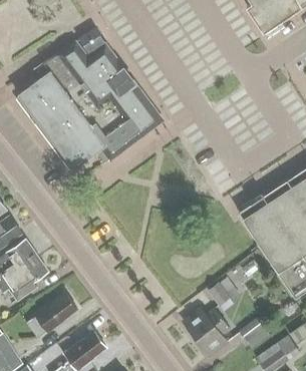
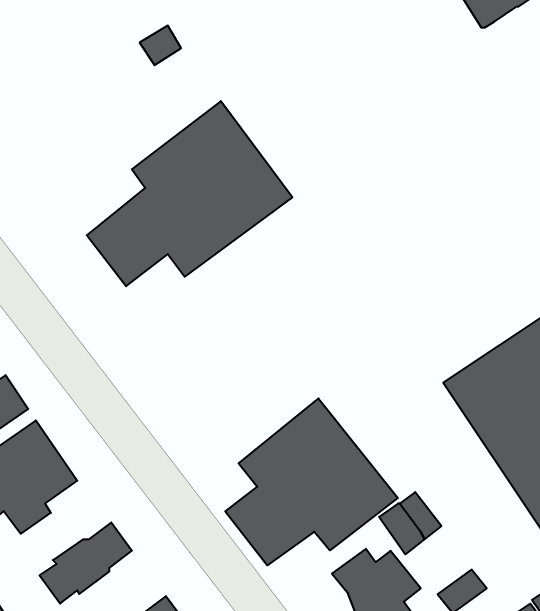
building: [16,40,122,140] -> none
building: none -> [225,398,398,565]

